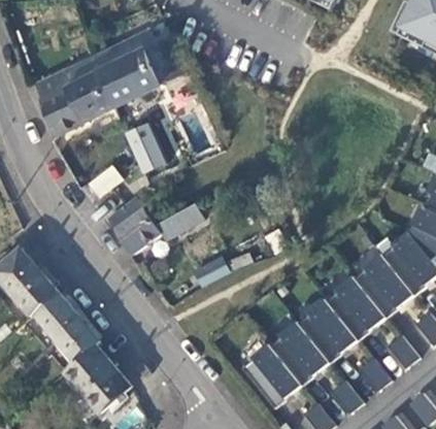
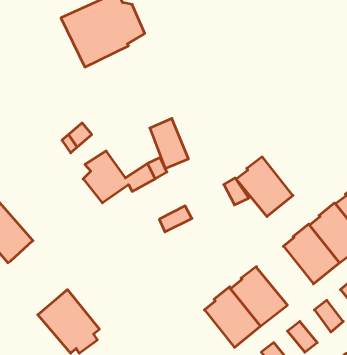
building: [37,55,114,134] -> none
building: [122,120,163,173] -> [150,118,188,169]
building: [35,293,100,362] -> none
building: [298,298,359,362] -> [236,157,293,217]

